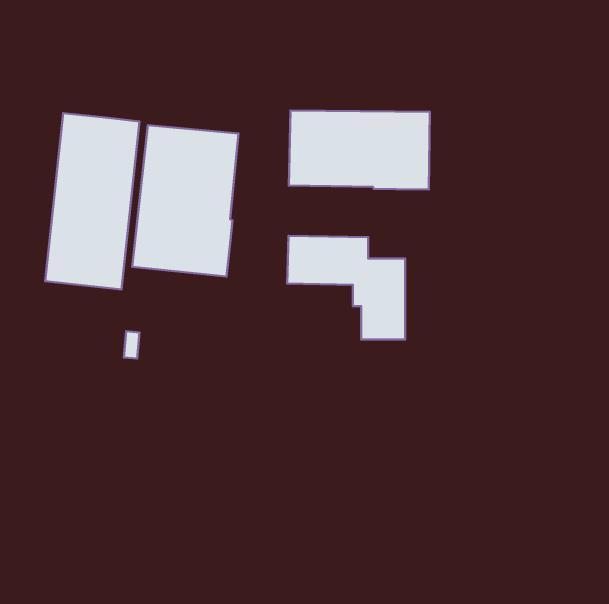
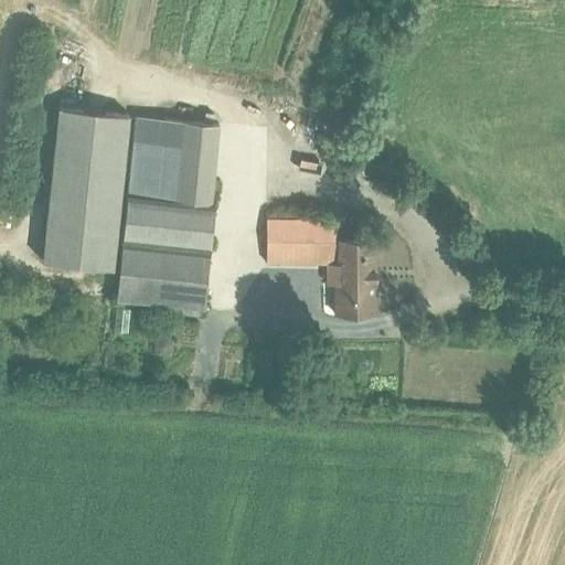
building: [289,111,430,190] -> none
building: none -> [117,252,210,320]

